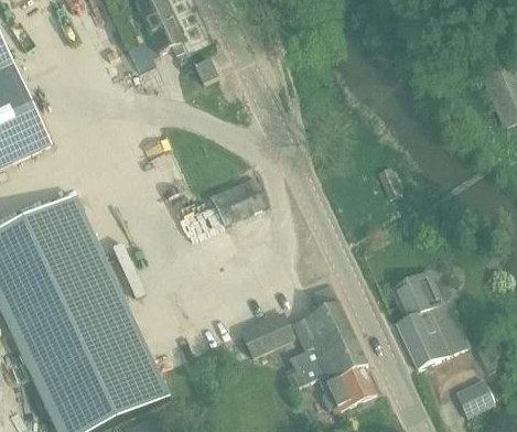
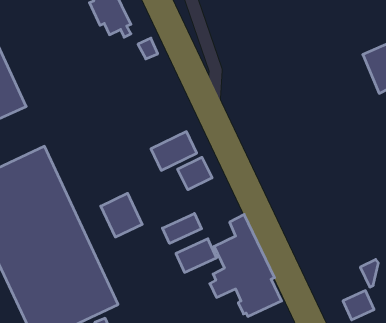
building: none -> [178,157,212,190]
building: none -> [101,193,142,237]
building: [390,270,468,368] -> none
building: none -> [162,213,202,243]

